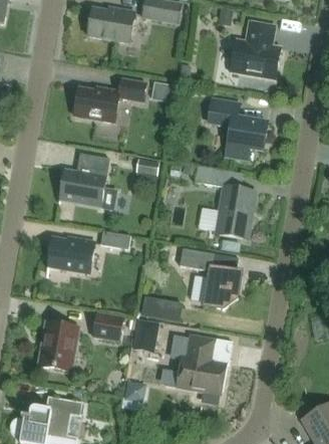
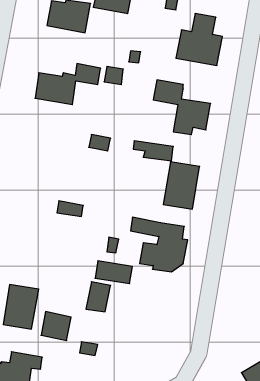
building: [58,154,114,206] -> none
building: [47,237,94,272] -> none
building: [89,308,122,341] -> [41,312,71,341]
building: [177,336,226,393] -> none

